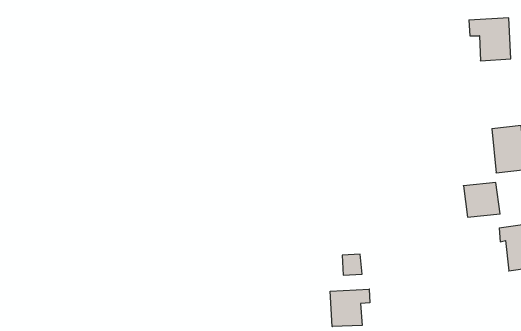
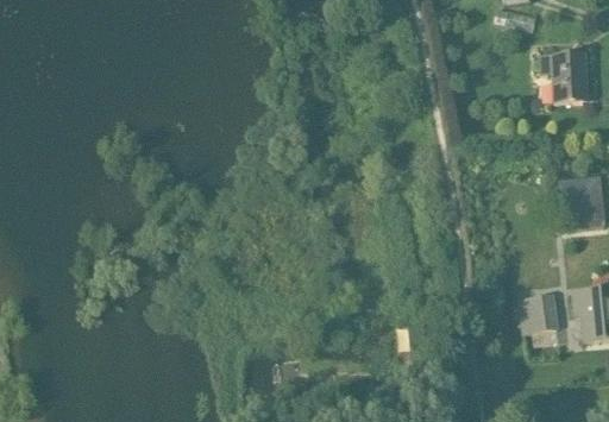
building: [463,183,500,217] -> [519,292,560,332]
building: [330,289,370,327] -> none

